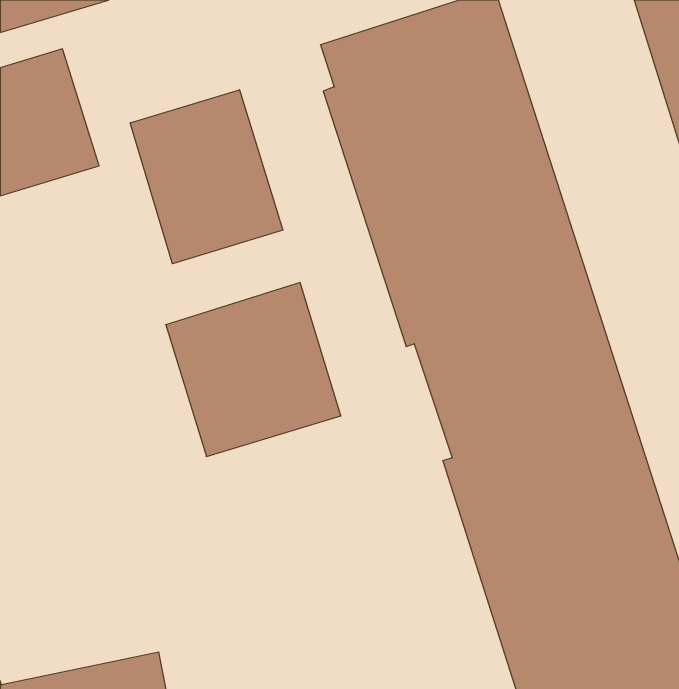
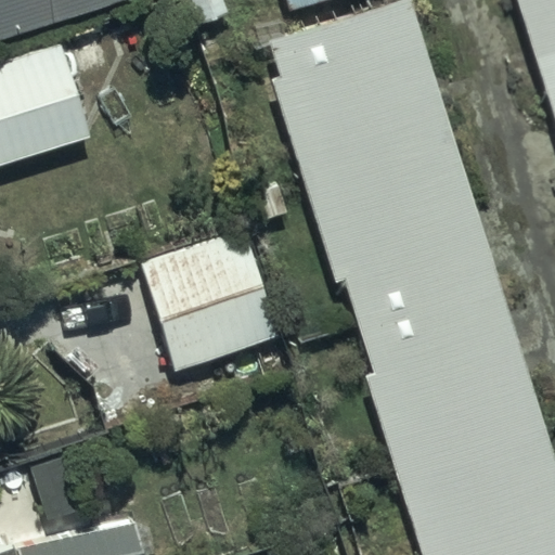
building: [130,90,283,264] -> none

